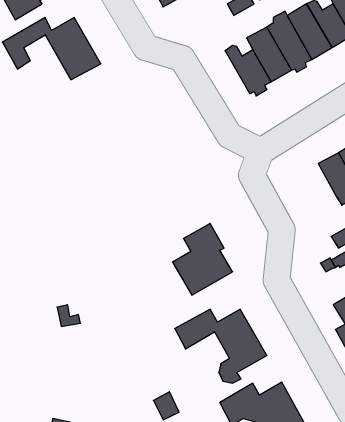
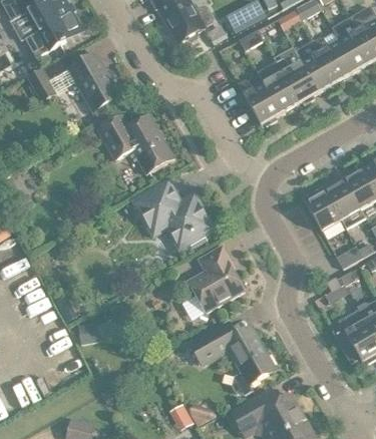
building: none -> [97,114,173,173]
building: none -> [133,180,214,248]
building: none -> [304,185,341,231]

